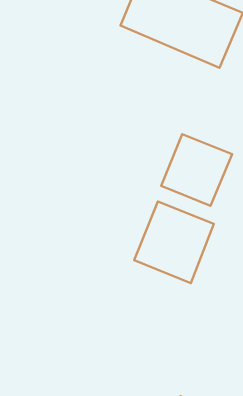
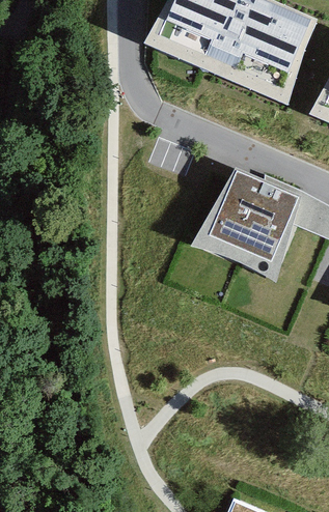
building: [134,201,214,283] -> none

